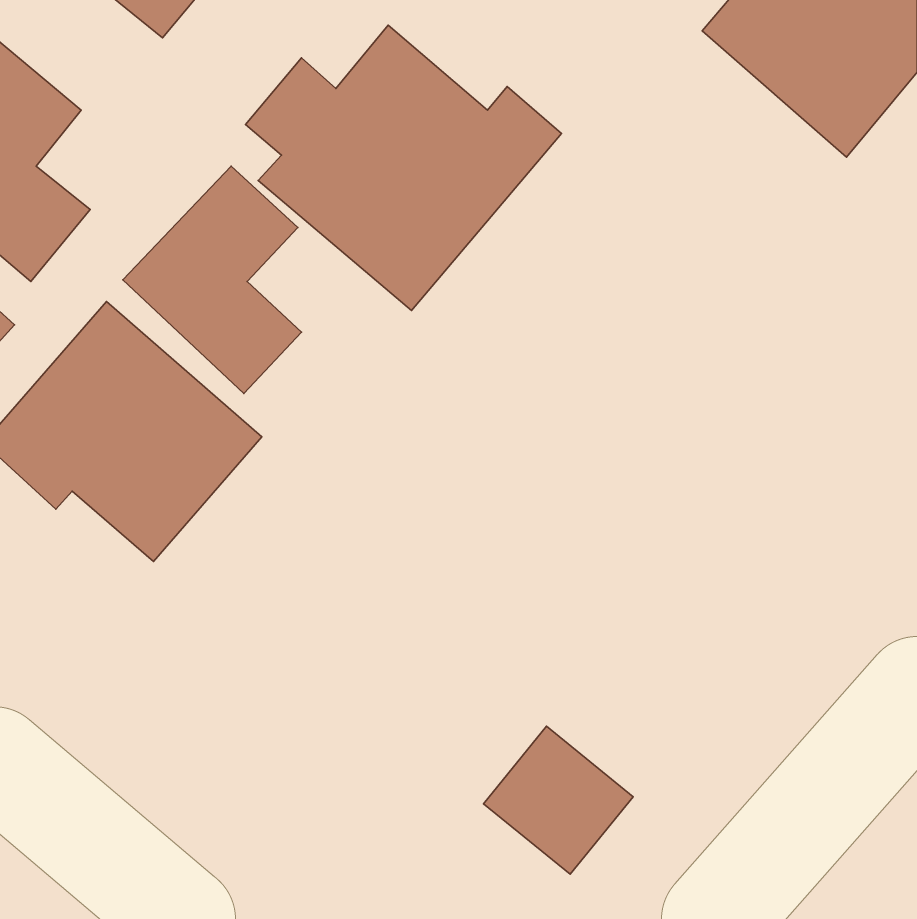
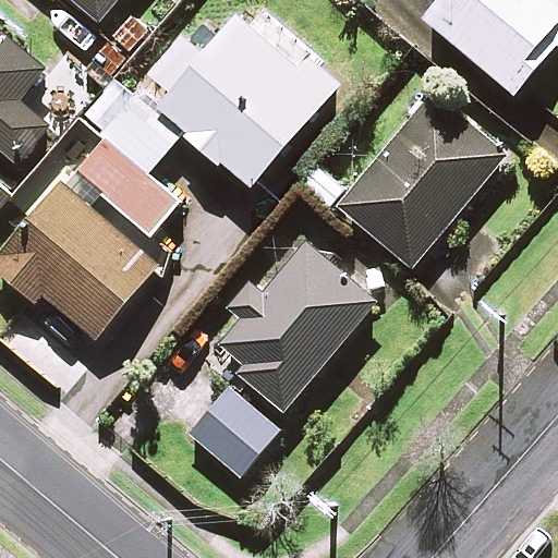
building: none -> [337,95,504,267]
building: none -> [218,243,374,411]
building: [483,726,633,874] -> [187,387,278,476]

